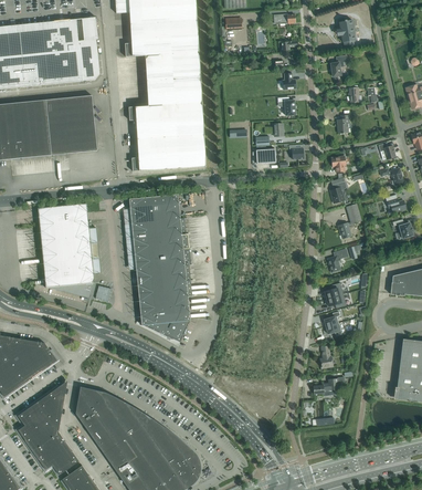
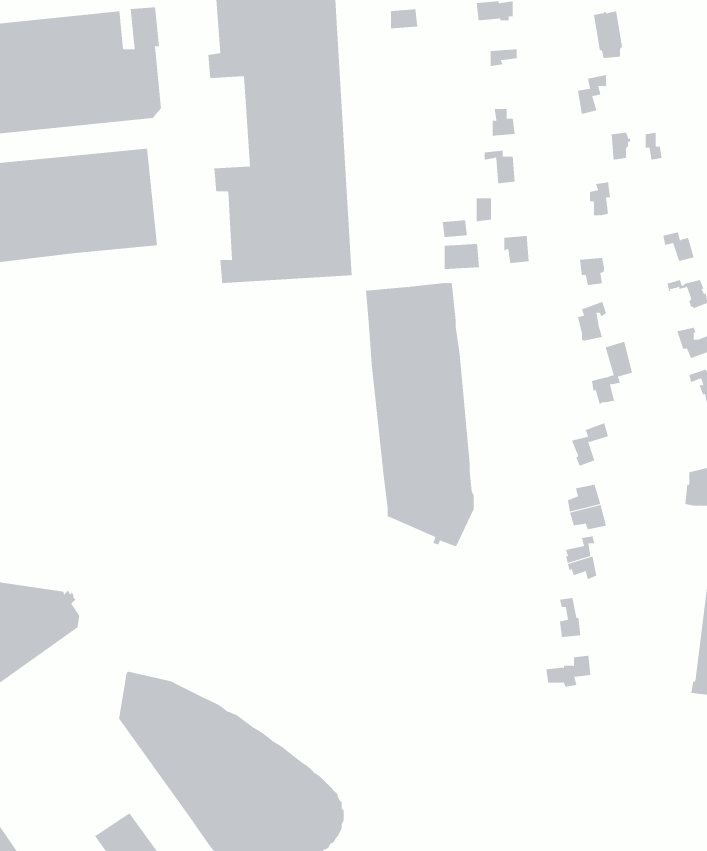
building: [129,194,190,341] -> [365,283,474,547]
building: [38,202,95,298] -> none
building: [18,379,80,473] -> none

